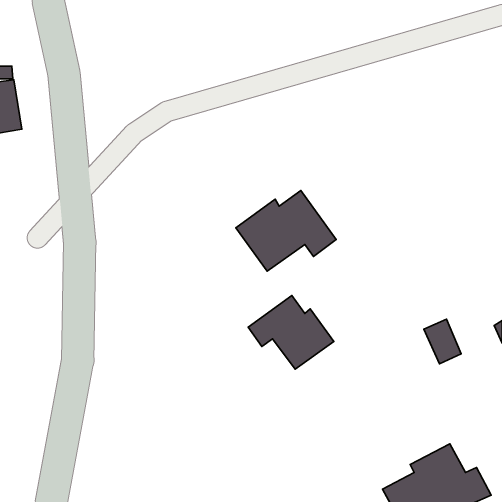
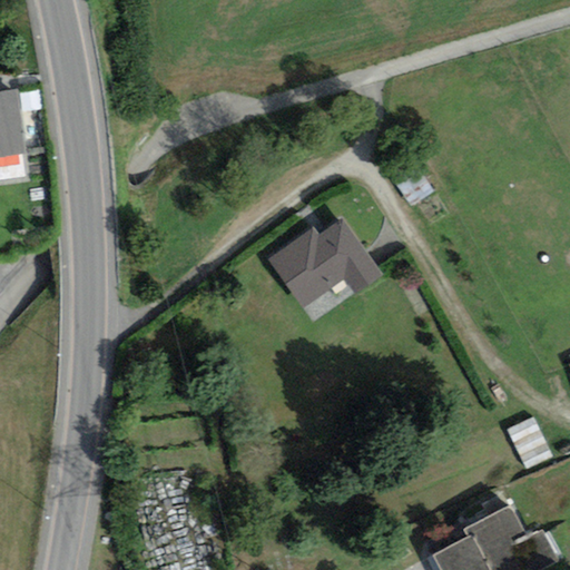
building: [248,296,334,369] -> none
building: [424,319,461,364] -> [510,420,552,470]

